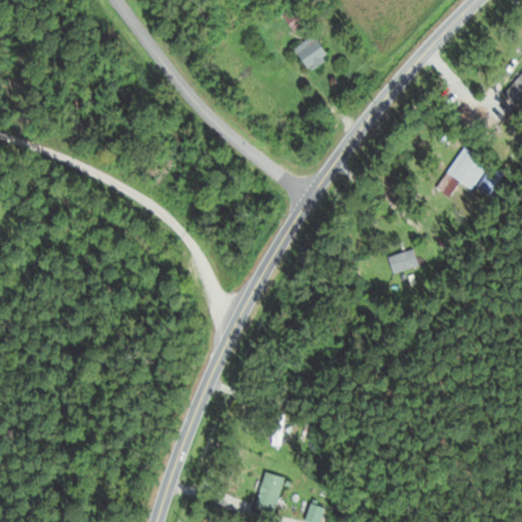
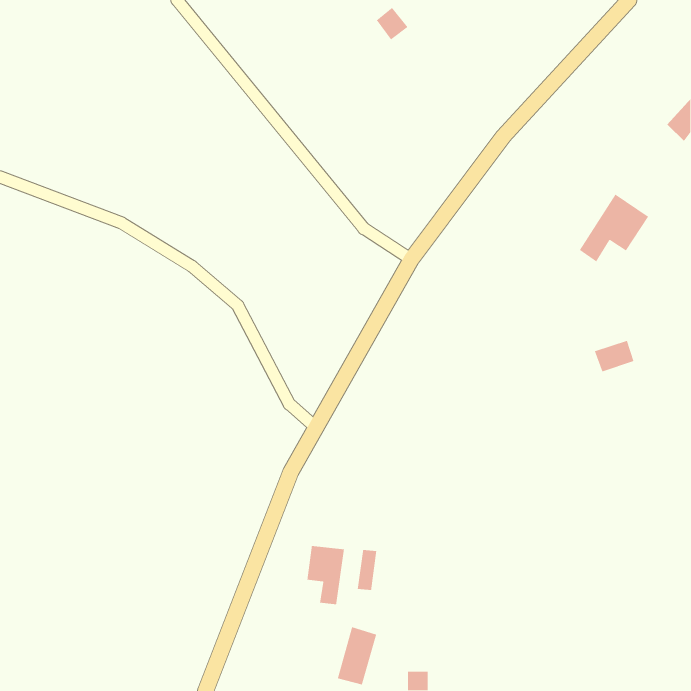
building: [294,35,329,71] -> none
building: [387,250,418,274] -> [594,340,634,372]
building: none -> [306,545,345,605]

